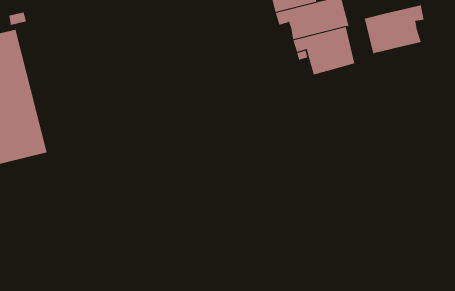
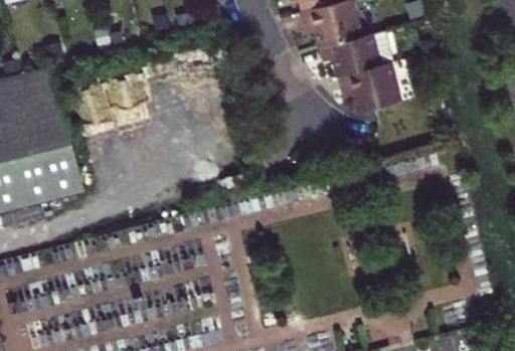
building: [364,4,424,55] -> none

